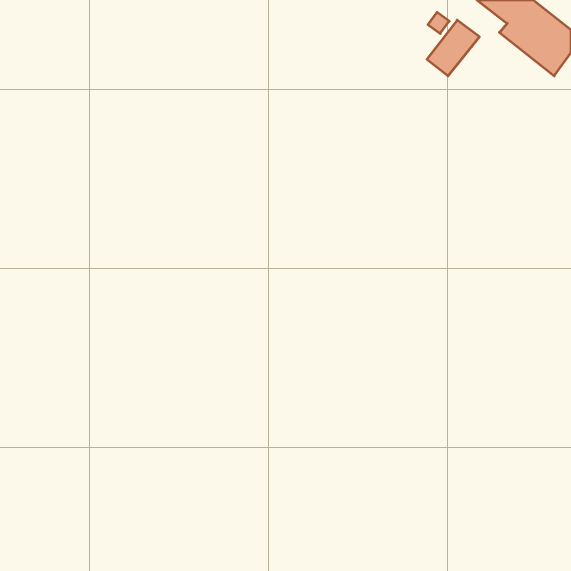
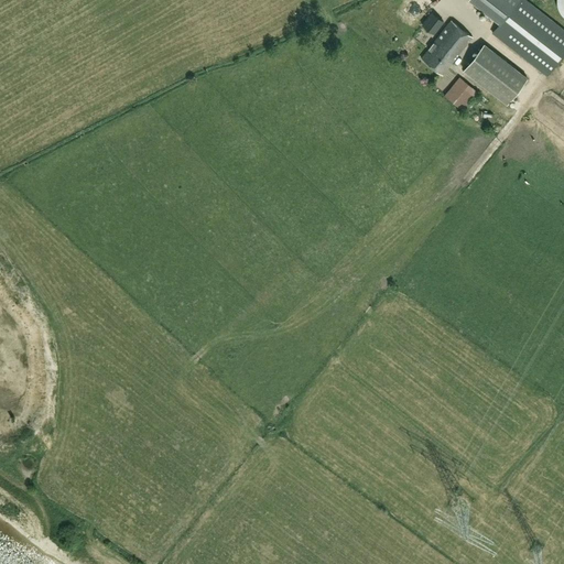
building: none -> [464,43,527,104]
building: none -> [444,76,477,109]

